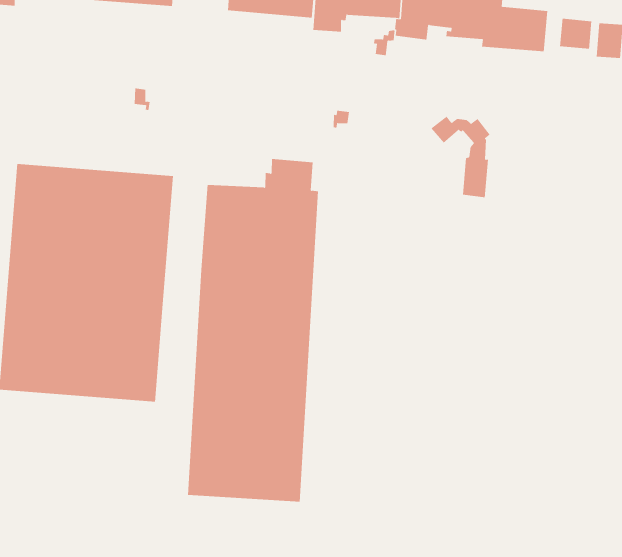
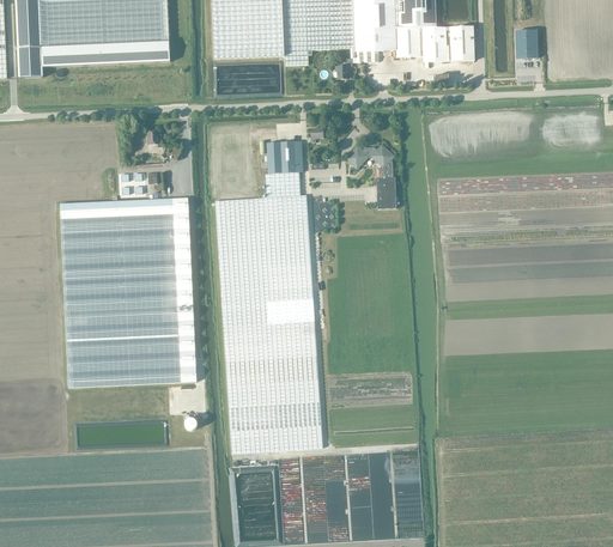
building: [560,18,592,49] -> none
building: [430,116,491,198] -> [345,144,396,207]
building: none -> [265,140,302,172]

